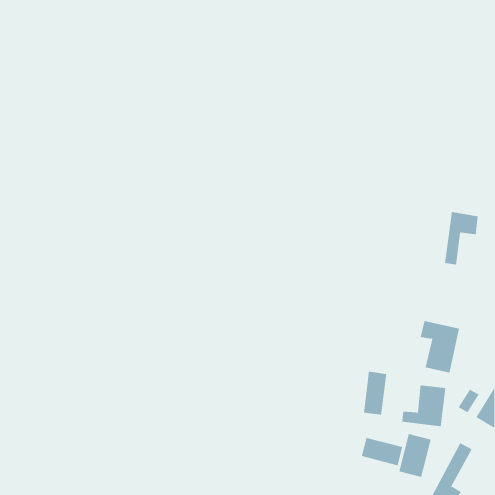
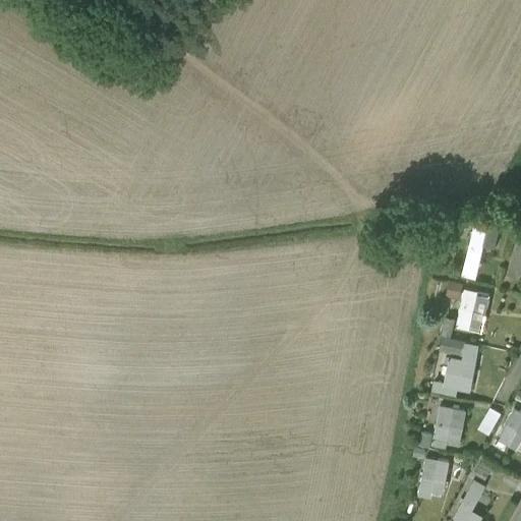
building: none -> [456,291,489,334]
building: [363,371,387,415] -> none
building: [361,437,403,466] -> none

